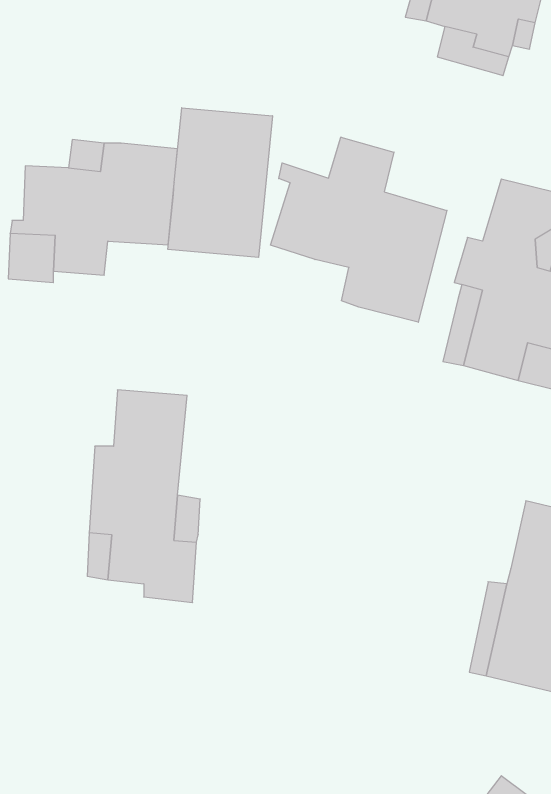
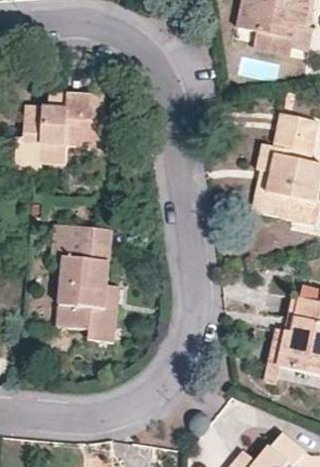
building: [168,108,272,257] -> none
building: [270,137,447,322] -> none

